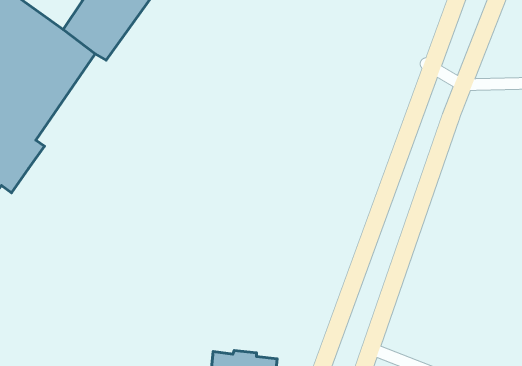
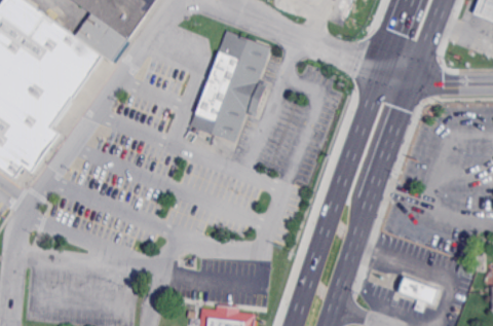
building: none -> [188,31,269,143]
building: none -> [400,278,439,305]

